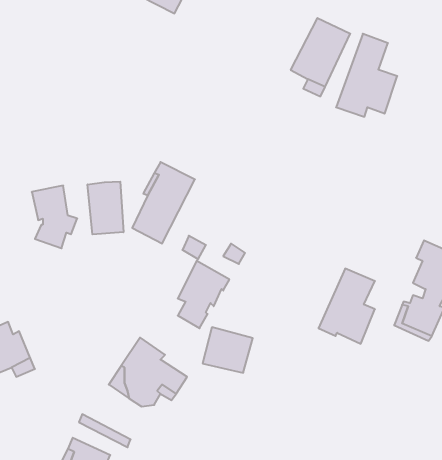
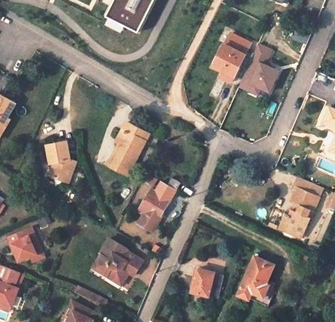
building: [88,182,123,234] -> none
building: [318,269,375,344] -> [237,257,273,305]
building: [203,327,253,373] -> [190,271,222,300]

